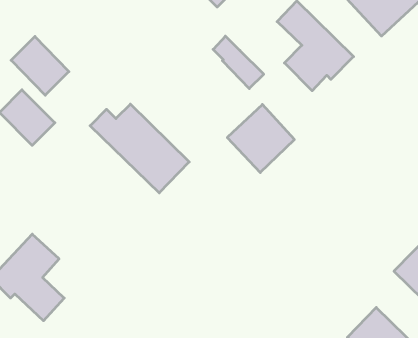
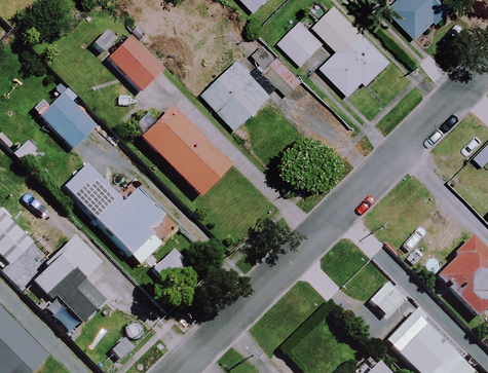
building: none -> [284,16,329,62]
building: [11,36,69,95] -> [107,33,164,91]
building: [227,104,294,173] -> [208,59,274,126]
building: none -> [63,164,164,263]

